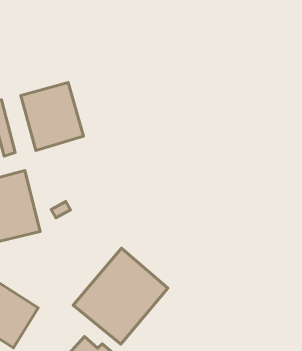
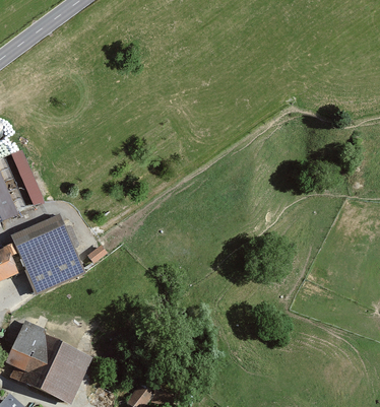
building: [21,83,84,150] -> none
building: [73,248,168,344] -> none

